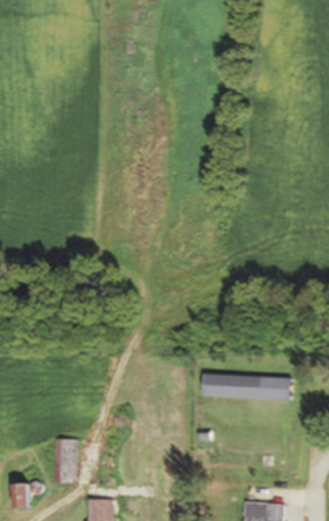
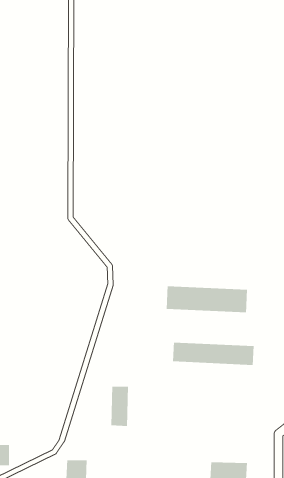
building: none -> [166,285,248,313]
building: [57,439,77,483] -> [110,386,129,427]

